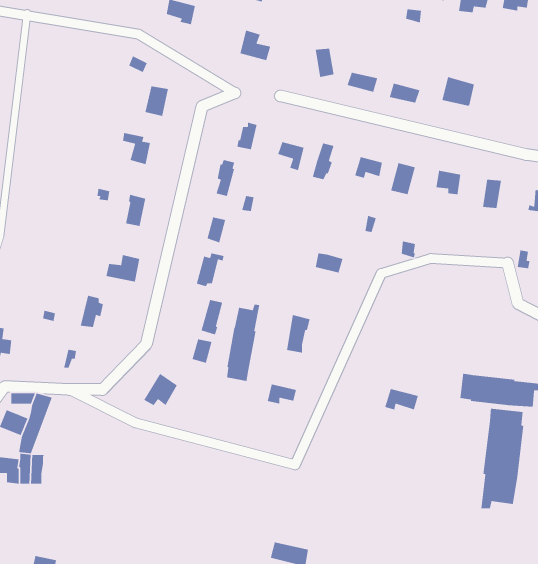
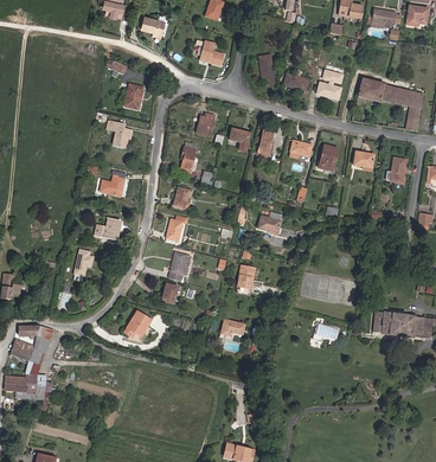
building: none -> [380,84,423,130]
building: [226,304,260,382] -> none
building: [480,408,524,509] -> none

